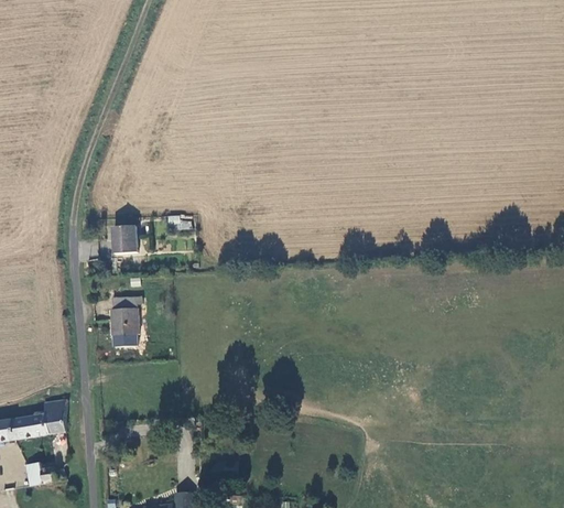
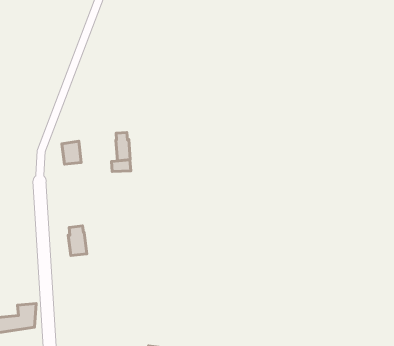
building: none -> [116,132,130,161]
building: [109,226,134,256] -> [62,141,81,164]

